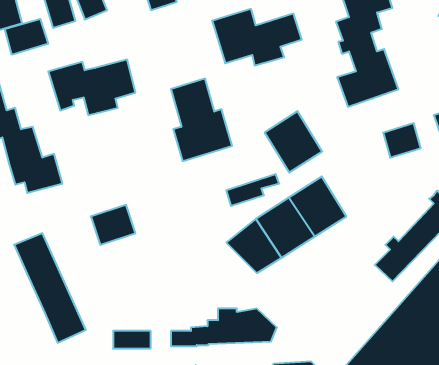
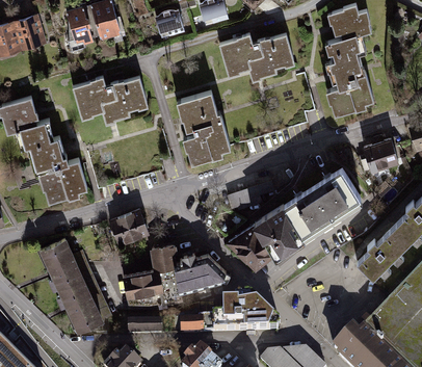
building: [5,19,48,55] -> none
building: [265,111,322,173] -> [313,162,364,216]
building: none -> [122,240,233,302]

